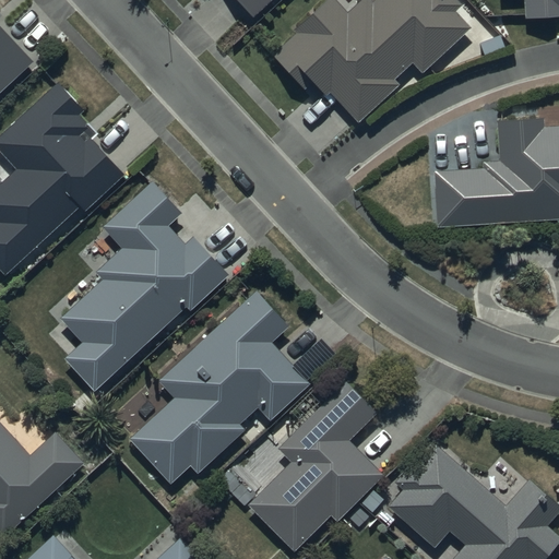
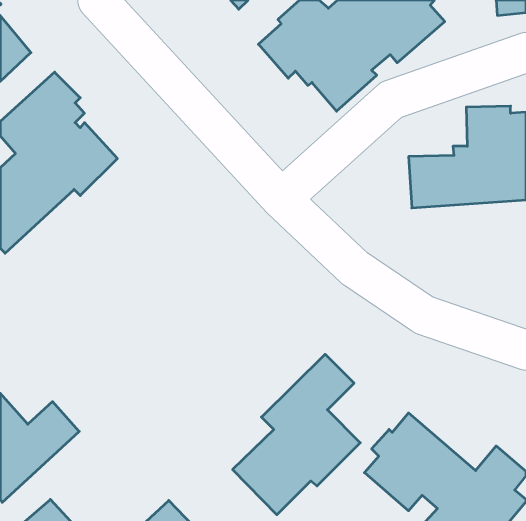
building: [61,180,228,391] -> none
building: [129,290,311,484] -> none

